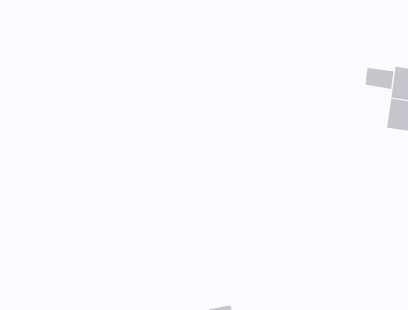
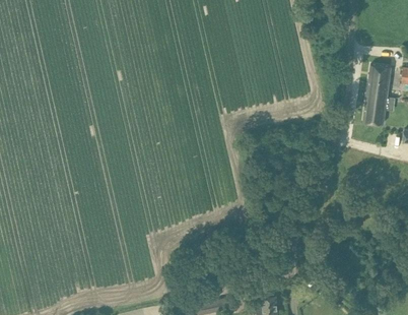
building: [365,67,394,90] -> none

